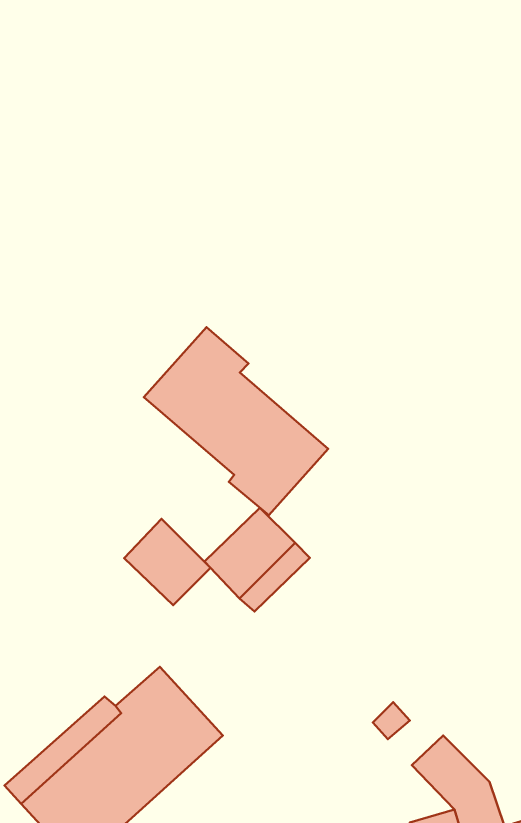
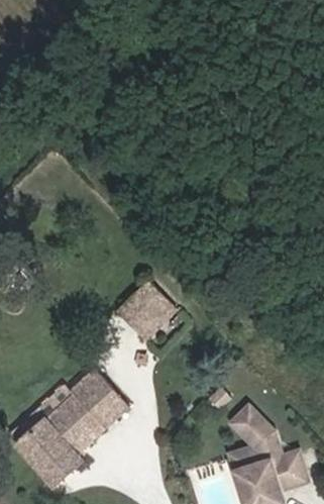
building: [144,327,328,515] -> none
building: [124,519,210,605] -> none

